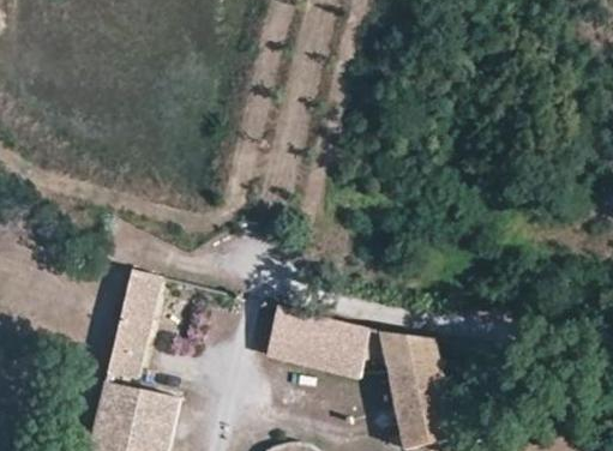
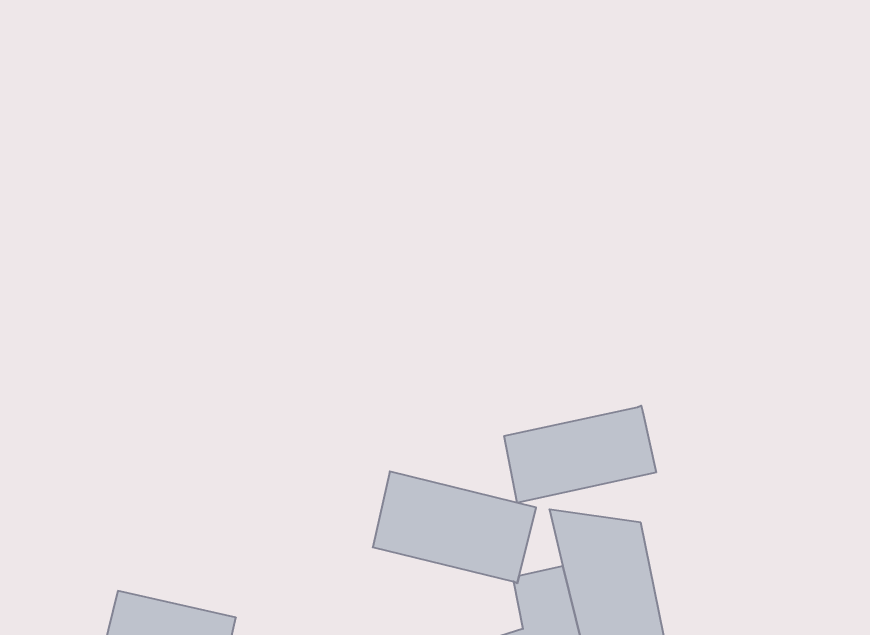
building: none -> [504,406,656,503]
building: [108,271,162,379] -> none

